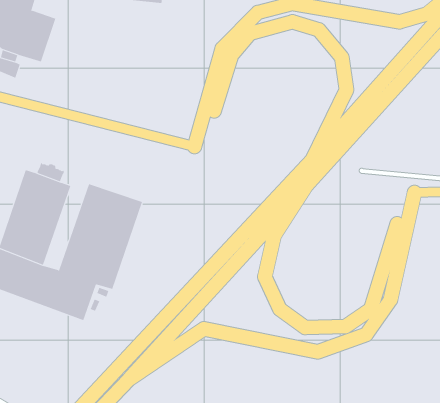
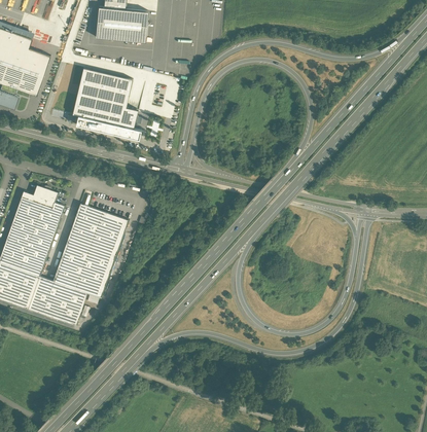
building: none -> [72,67,141,139]

